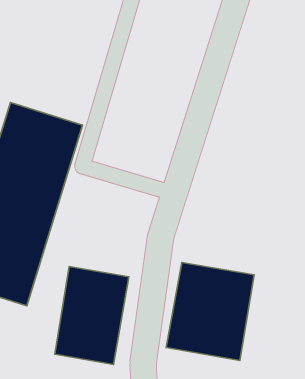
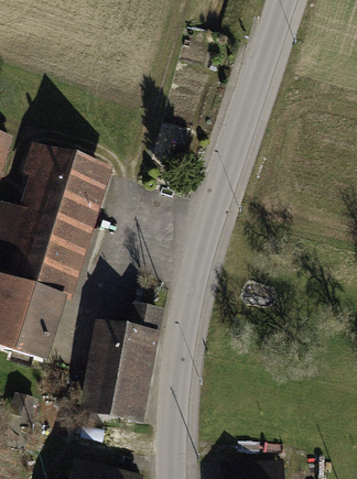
building: [166,262,254,360] -> none

